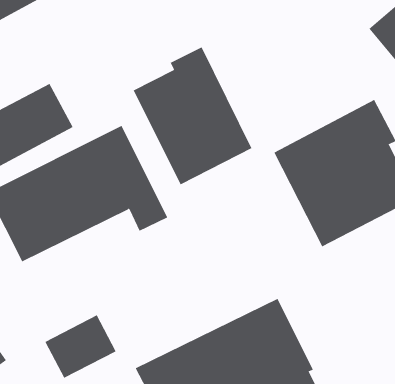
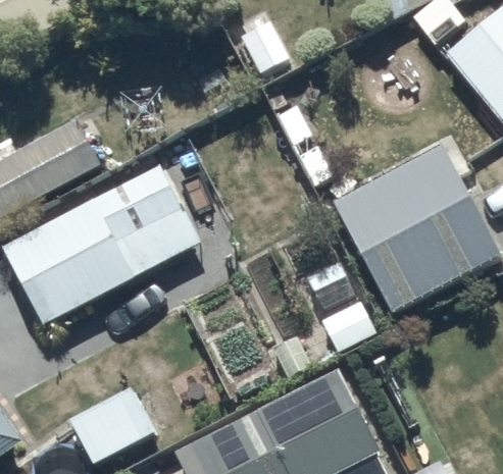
building: [133,46,252,185] -> none

